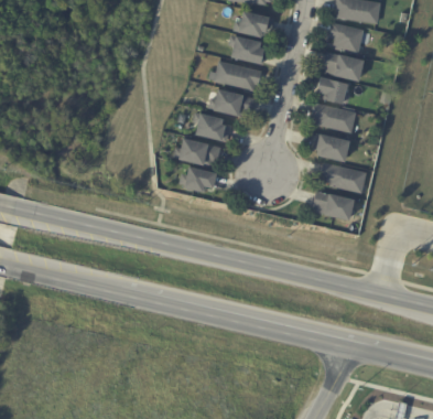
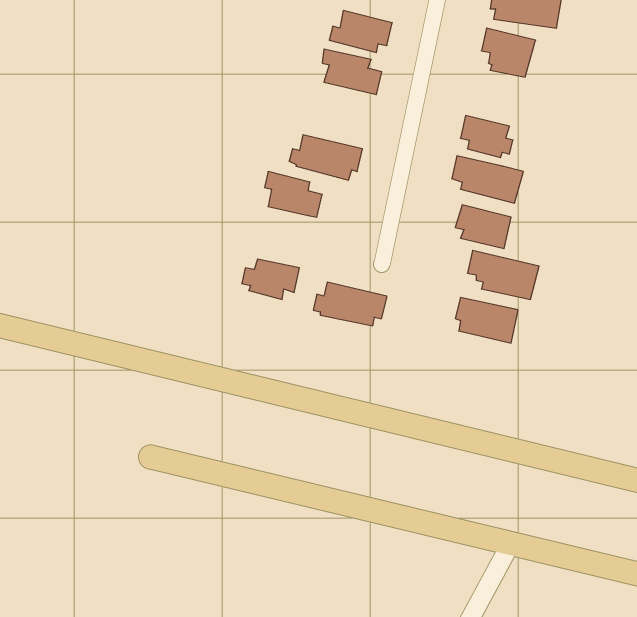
building: [323,52,362,80] -> none
building: [208,61,261,90] -> none
building: [173,139,219,166] -> [313,282,387,326]

